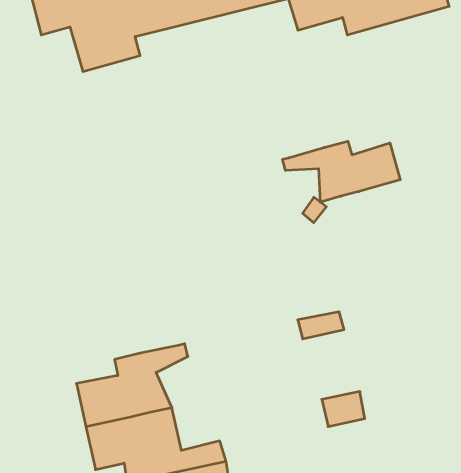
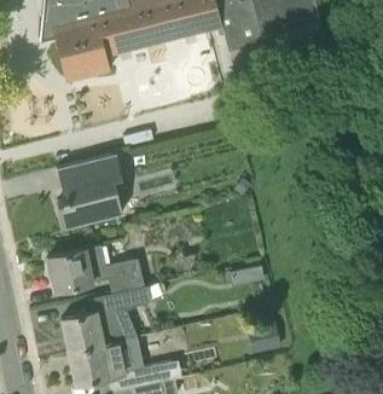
building: [283,141,400,202] -> none
building: none -> [57,153,122,228]
building: none -> [50,247,144,296]

